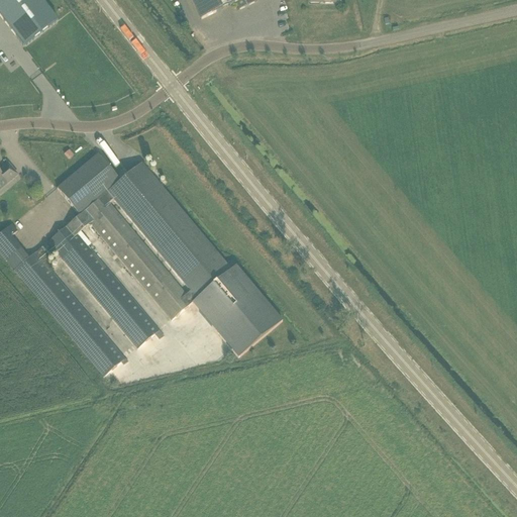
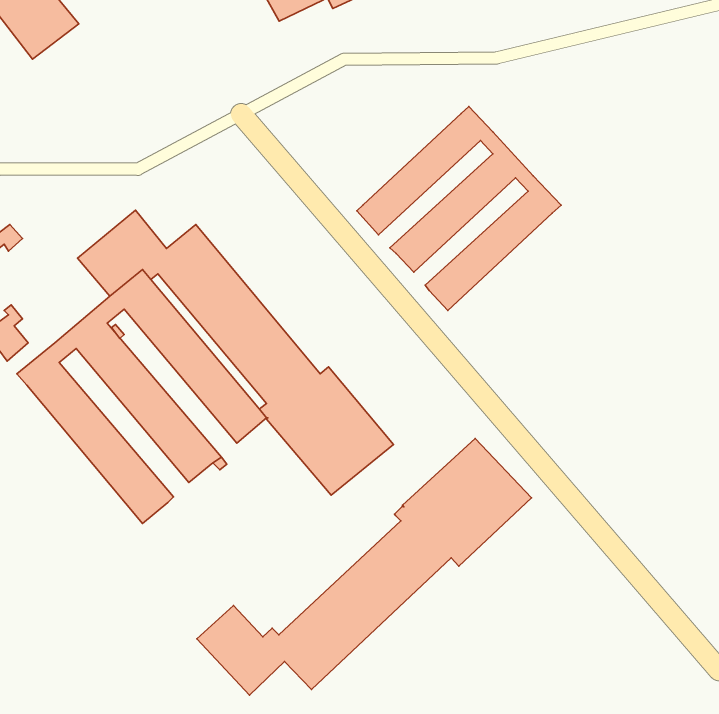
building: none -> [357,107,561,310]
building: none -> [197,438,532,695]

